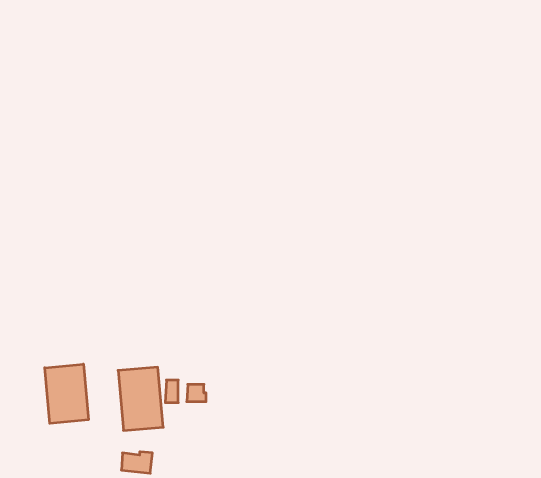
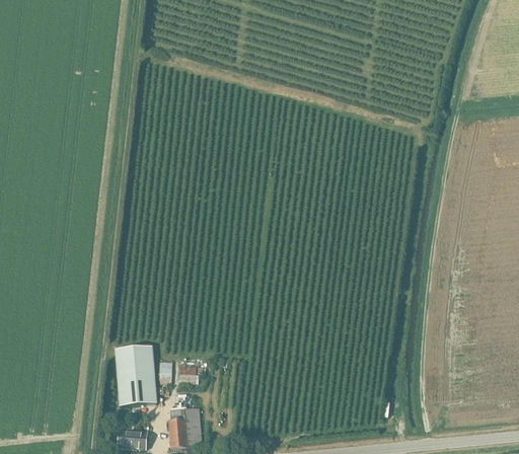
building: [45,364,88,423] -> none
building: none -> [169,406,202,447]

